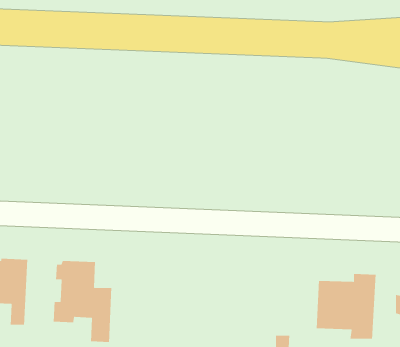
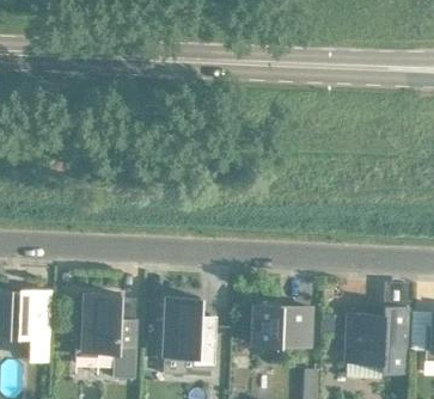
building: none -> [164,296,214,363]
building: none -> [253,305,311,351]

